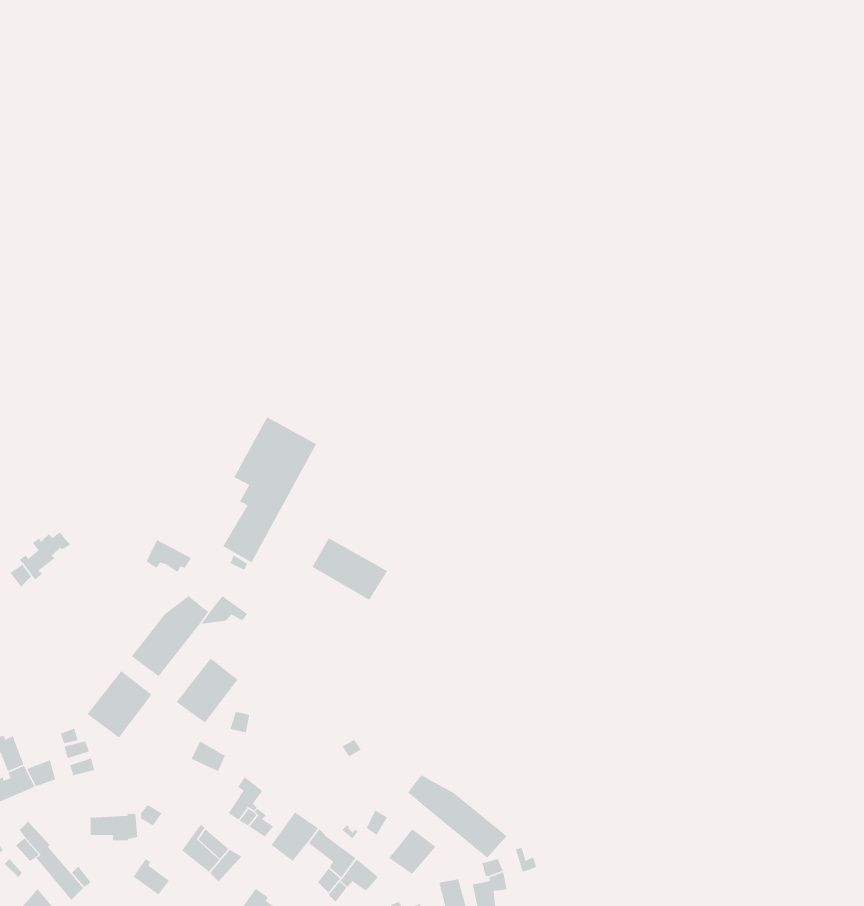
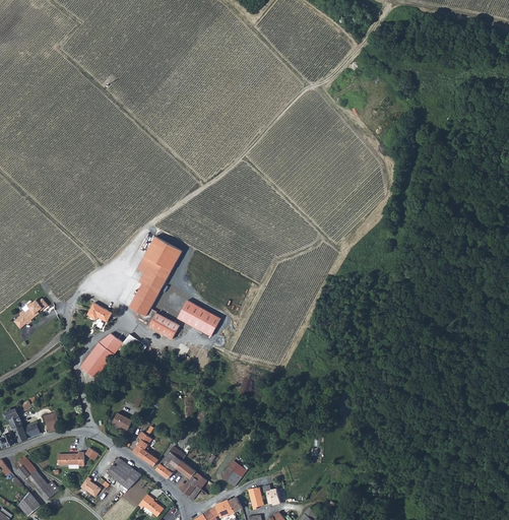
building: none -> [149,314,178,339]
building: [176,658,238,724] -> none
building: [86,670,152,738] -> none
building: [407,774,507,858] -> none

